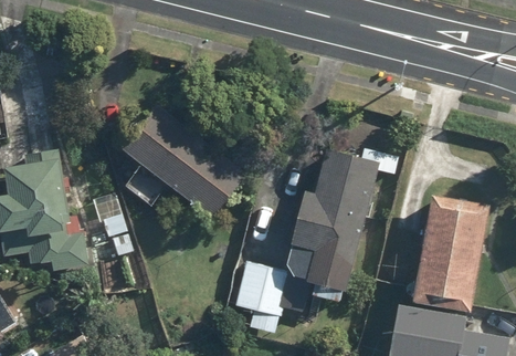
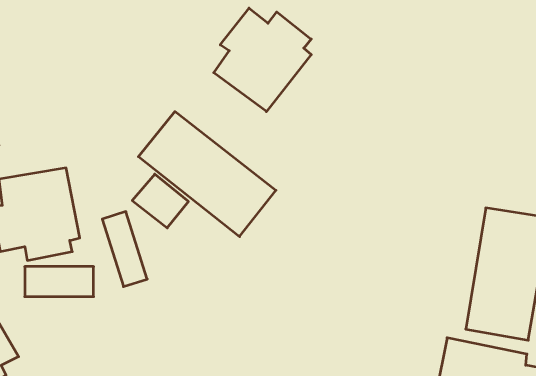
building: none -> [214,8,311,112]
building: [227,149,376,332] -> none

